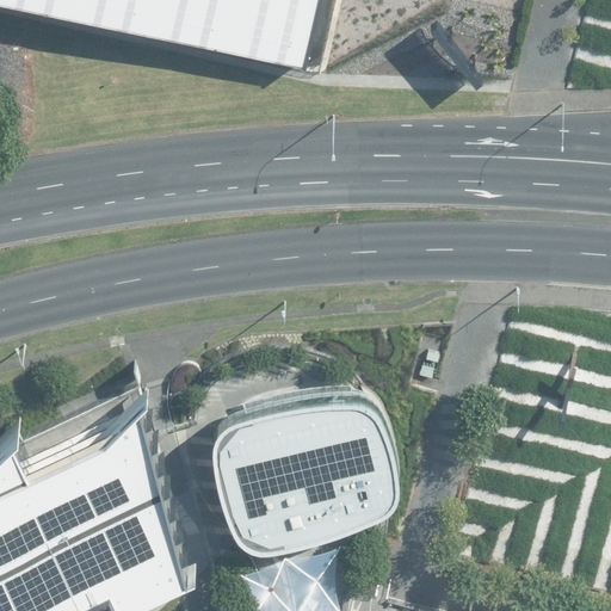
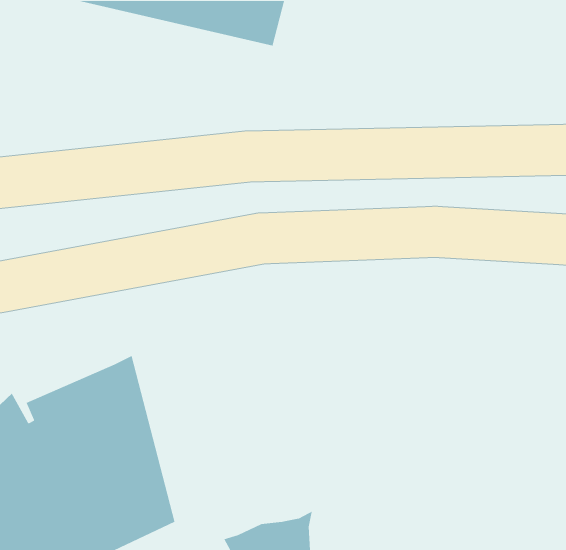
building: [205,401,400,558] -> none

